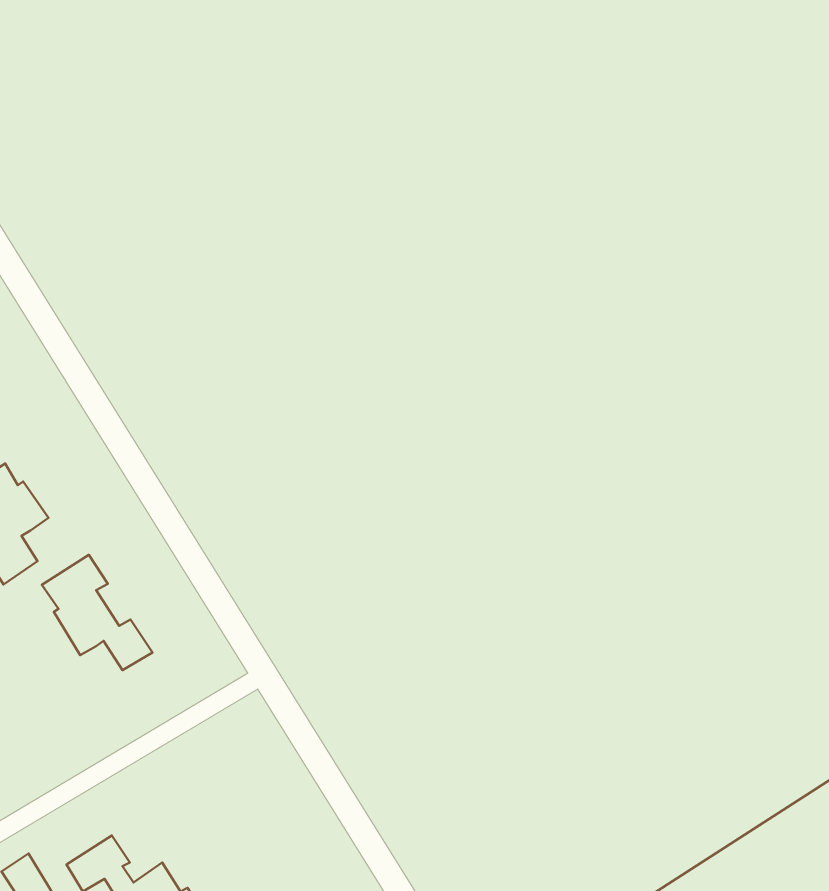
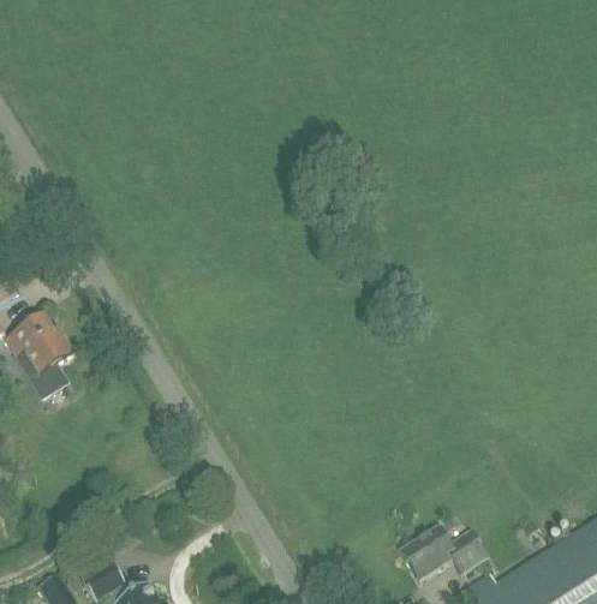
building: [42,555,152,670] -> none
building: none -> [400,527,486,580]

